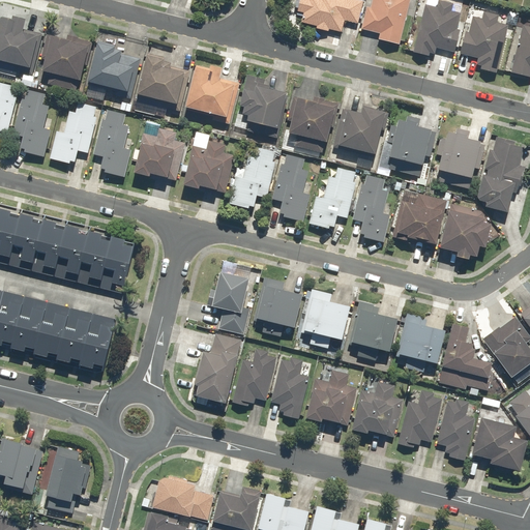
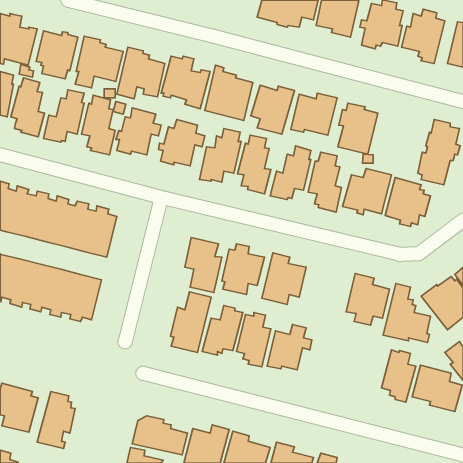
building: [438,131,480,188] -> none
building: [350,302,398,359] -> none
building: [352,381,403,434] -> none
building: [396,390,442,447] -> none

